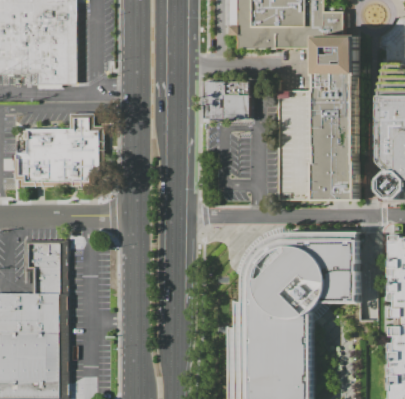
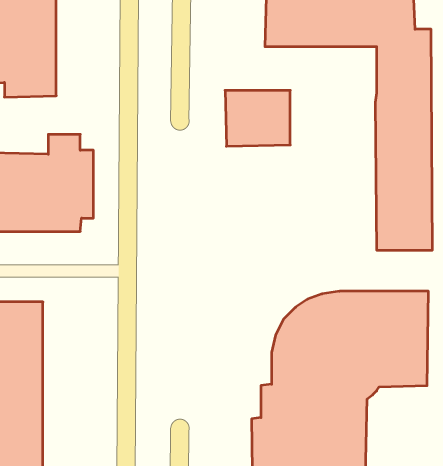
building: [275,89,317,200] -> none

